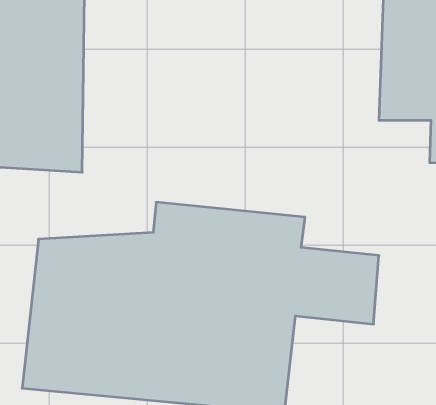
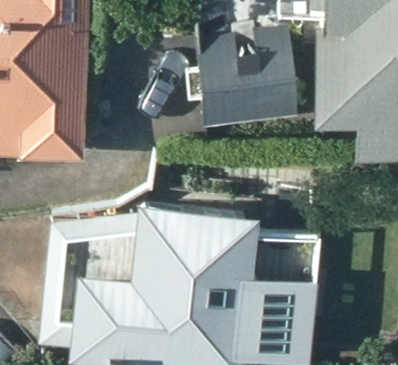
building: none -> [192,36,292,132]

